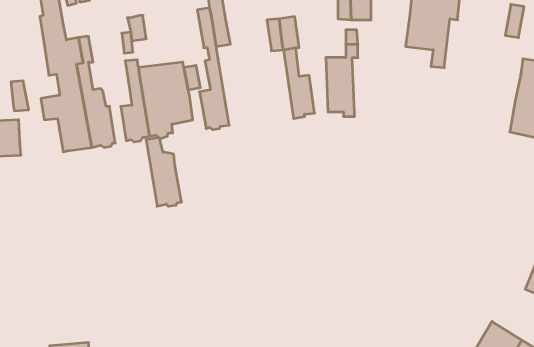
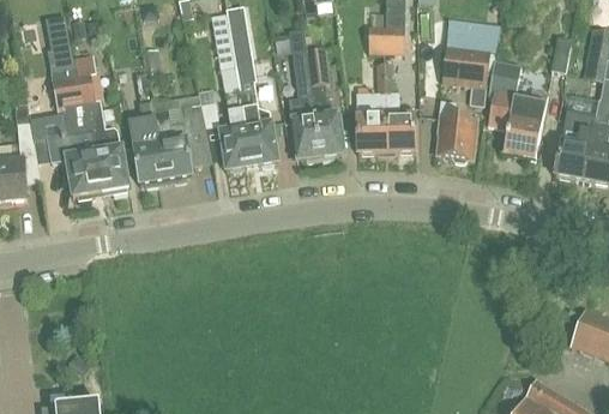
building: none -> [488,60,547,158]
building: none -> [385,92,415,152]
building: none -> [287,95,321,161]
building: none -> [436,100,475,162]
building: [146,138,182,206] -> [240,92,278,167]

